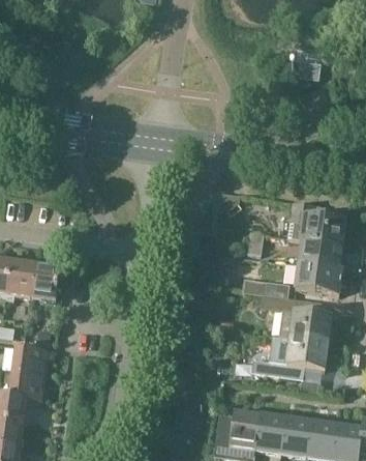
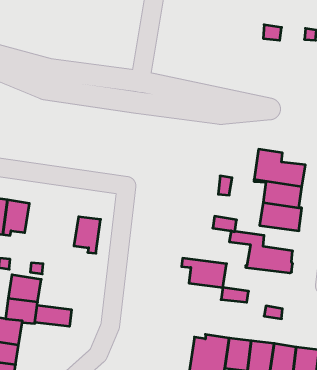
building: [29,262,59,304] -> [74,217,101,253]
building: [277,335,328,368] -> [182,258,227,288]
building: none -> [35,305,71,326]

